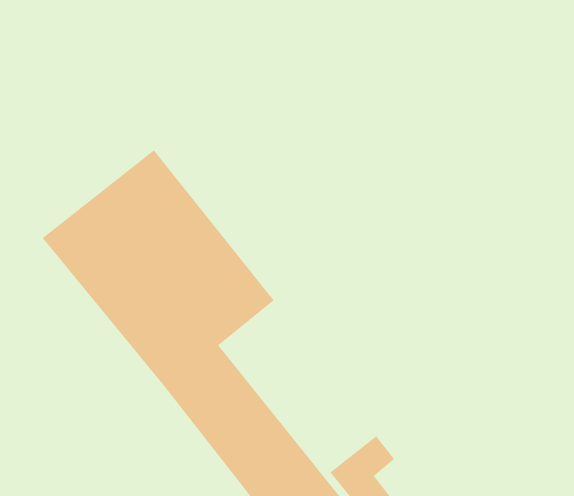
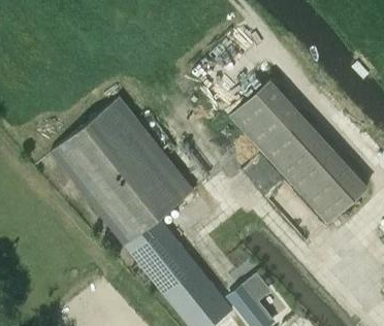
building: none -> [230,79,367,223]

